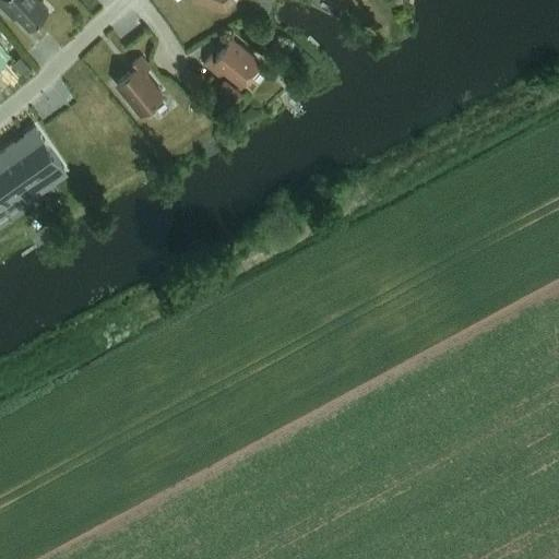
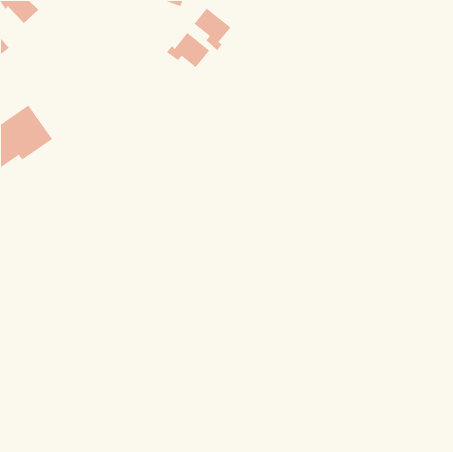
building: none -> [193,8,231,51]
building: [117,58,163,115] -> none

